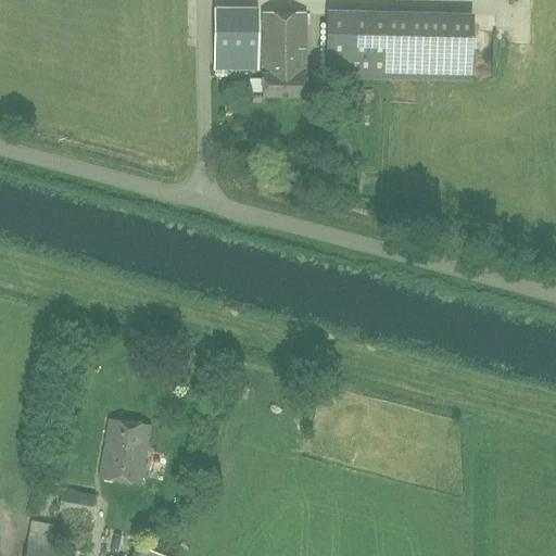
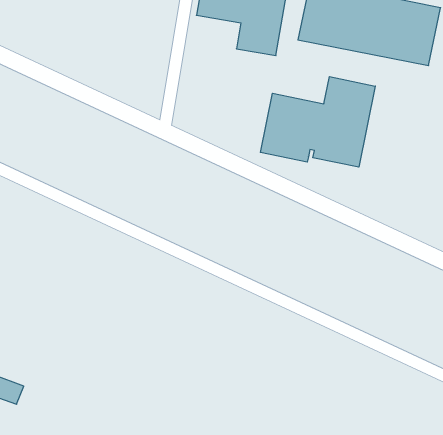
building: none -> [260,77,375,167]
building: [100,415,151,481] -> none

